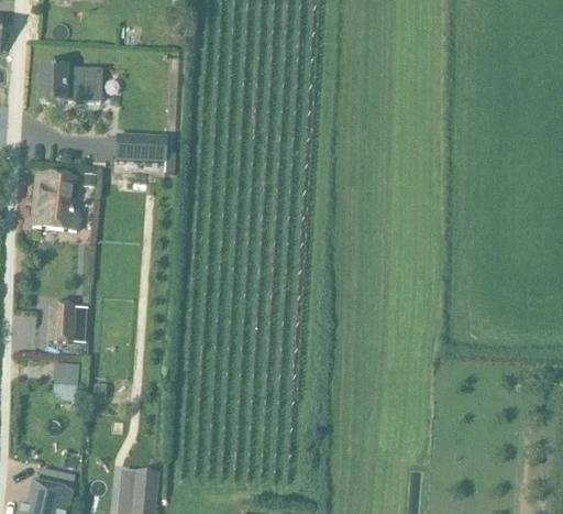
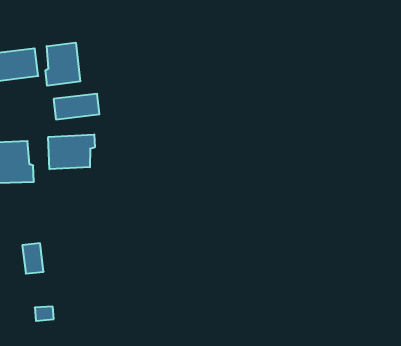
building: none -> [45,43,80,86]
building: none -> [48,134,95,169]

